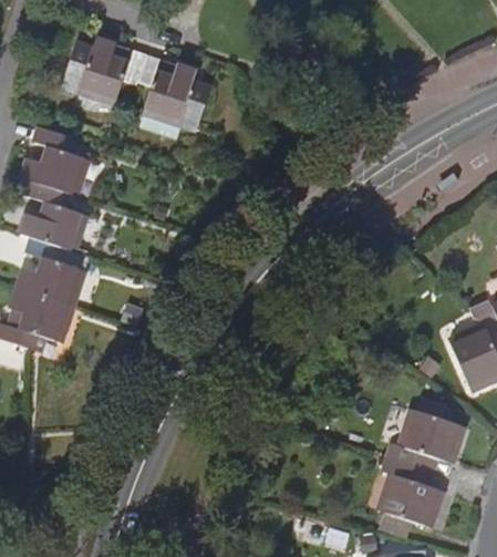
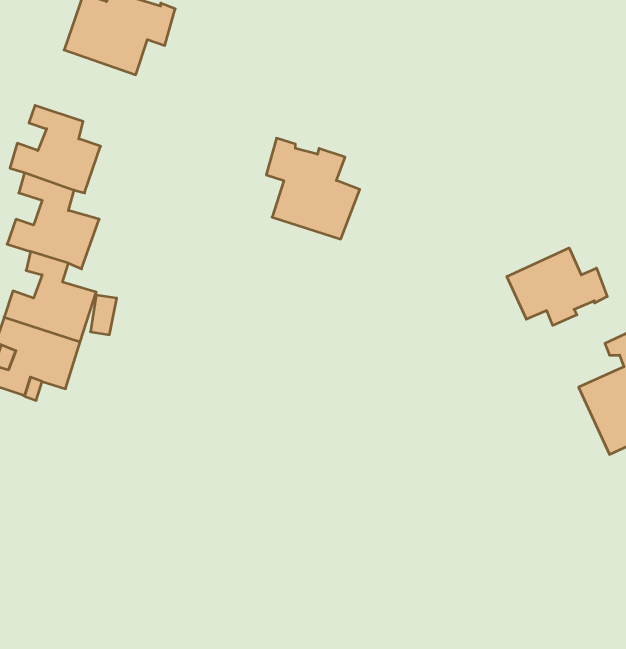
building: [137,54,208,131] -> [266,138,360,239]
building: none -> [507,248,607,325]
building: [380,399,465,533] -> none

